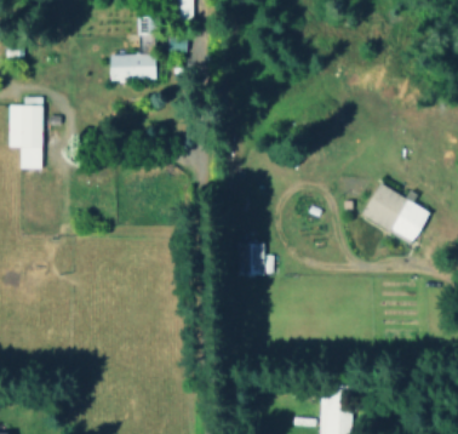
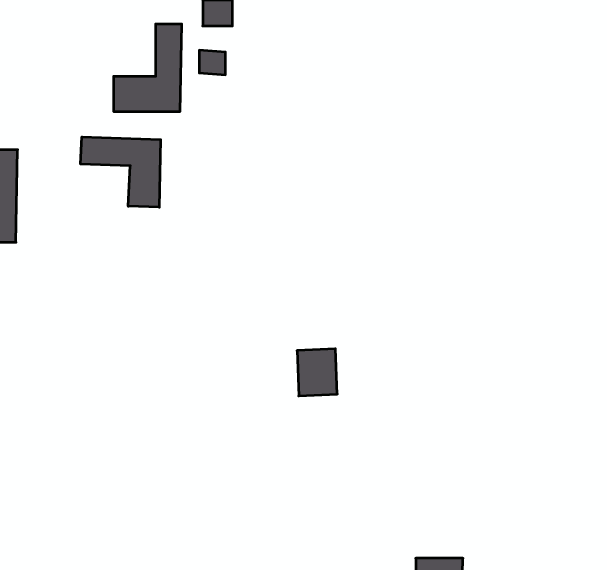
building: none -> [81,137,161,207]
building: [362,183,431,245] -> none

